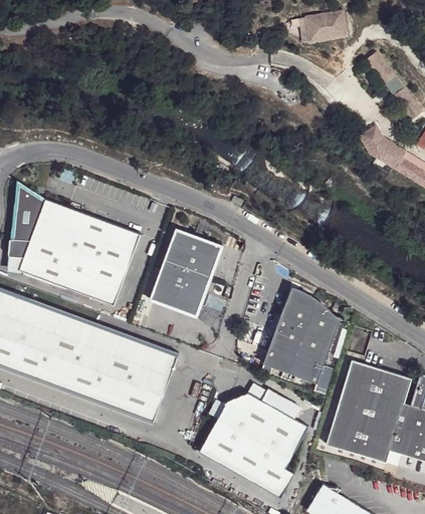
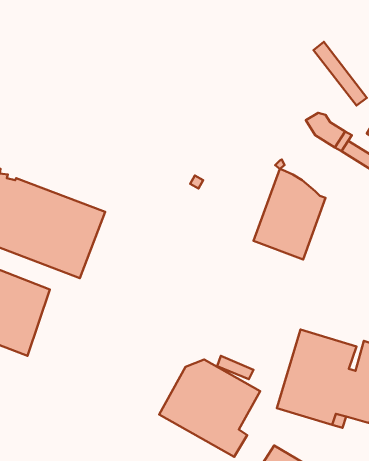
building: [304,11,346,41] -> none
building: [149,229,221,317] -> none
building: [262,286,340,383] -> [254,169,326,260]
building: [57,317,178,424] -> none

